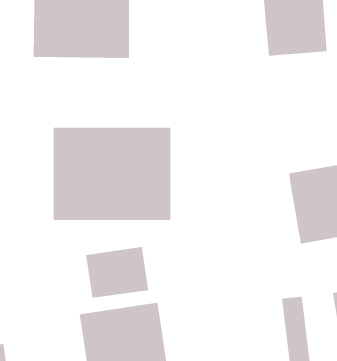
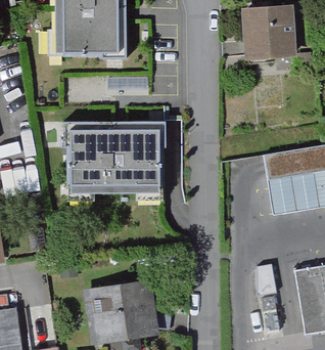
building: [86,246,149,299] -> none

